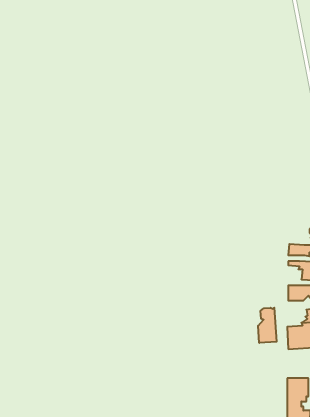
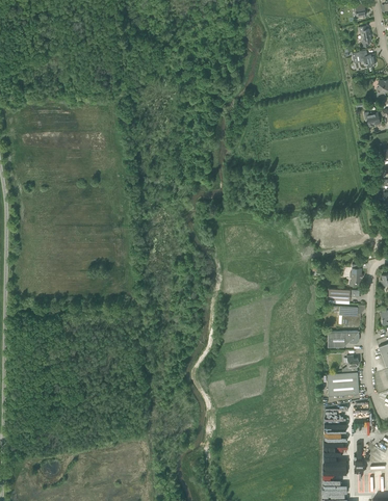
building: [258,308,277,343] -> none

